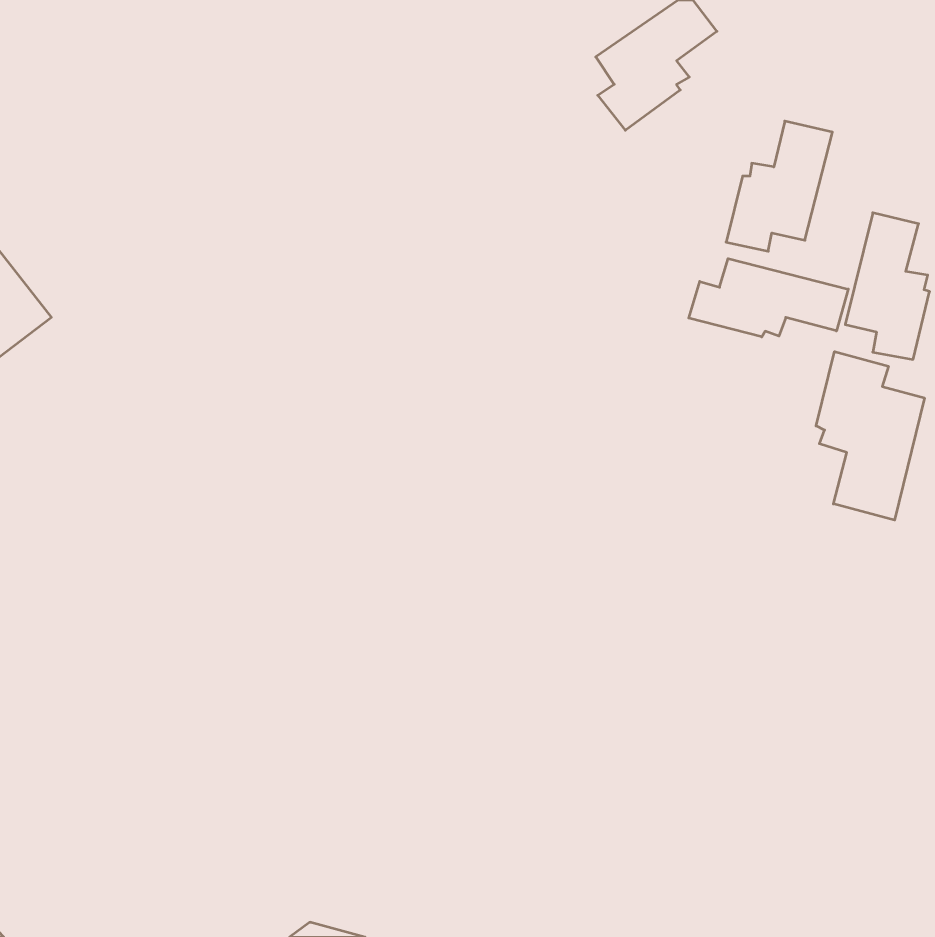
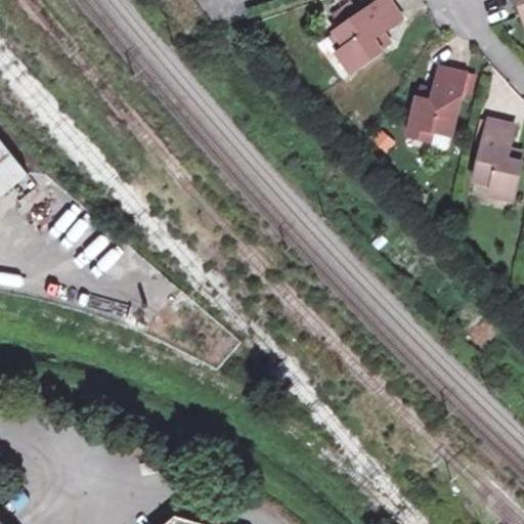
building: [689,259,848,337] -> none
building: [816,352,924,520] -> none

